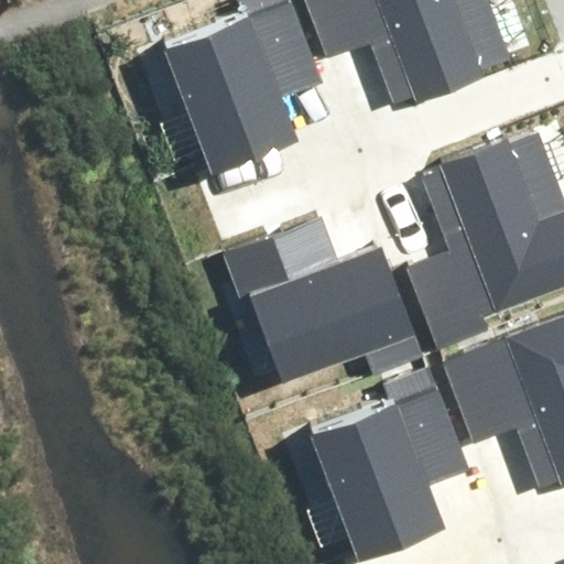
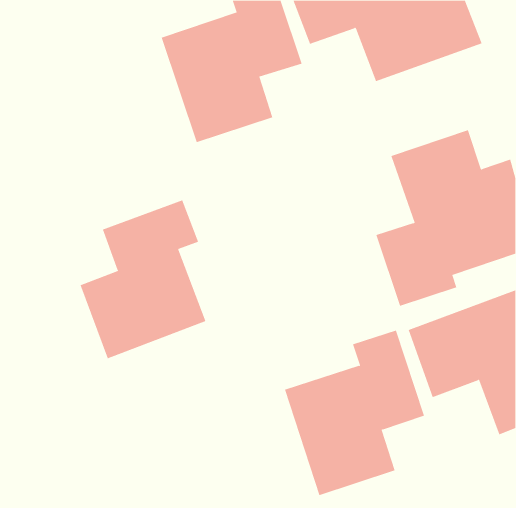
building: [220,206,426,375] -> none
building: none -> [80,199,206,359]

